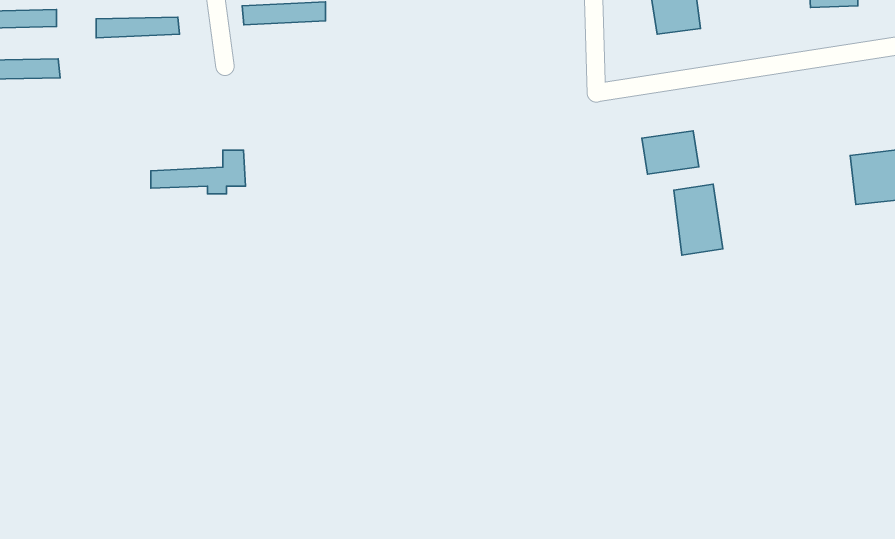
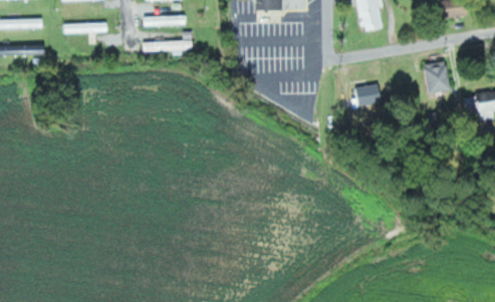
building: none -> [422,60,452,95]
building: [151,150,245,194] -> [143,32,193,55]
building: [674,184,723,255] -> none

